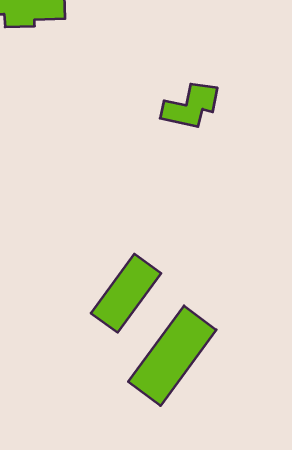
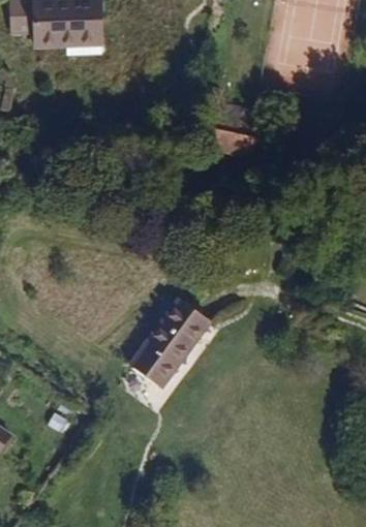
building: [128,306,216,406] -> none

